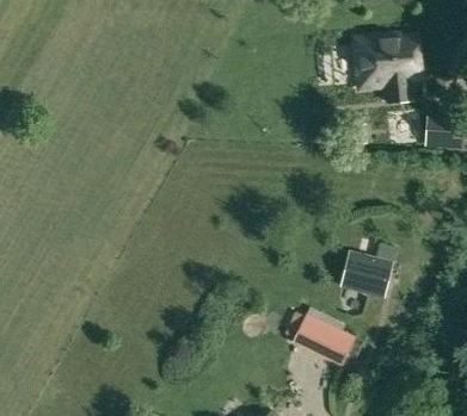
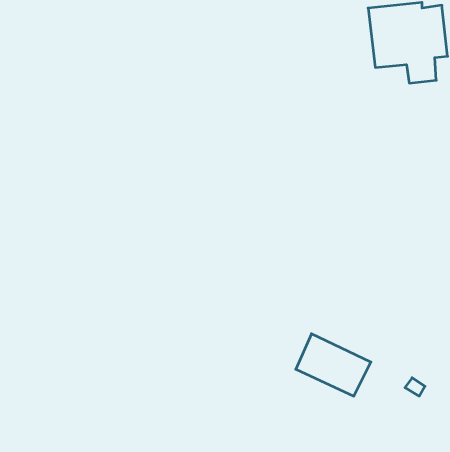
building: [342,252,392,294] -> none

